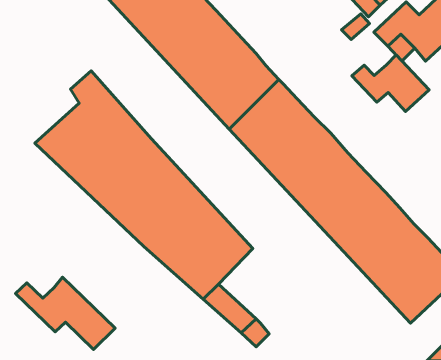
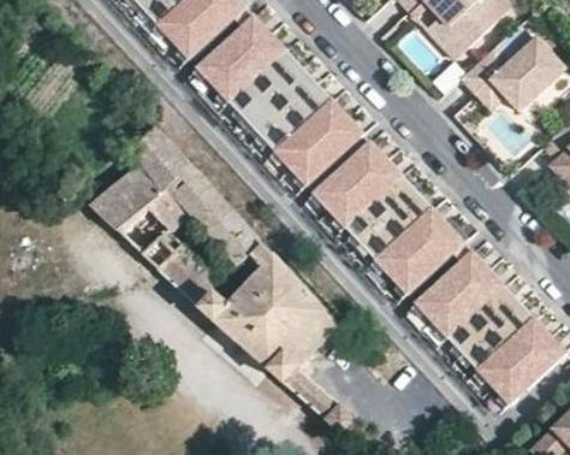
building: [352,55,429,111] -> none
building: [15,277,115,349] -> none

